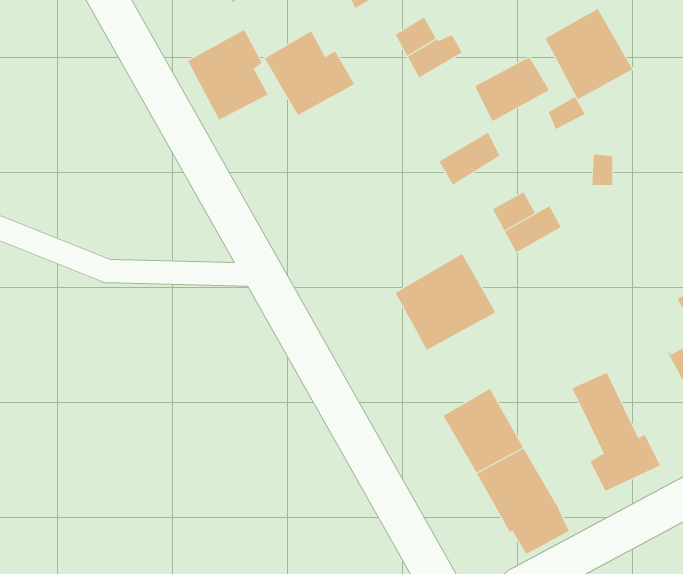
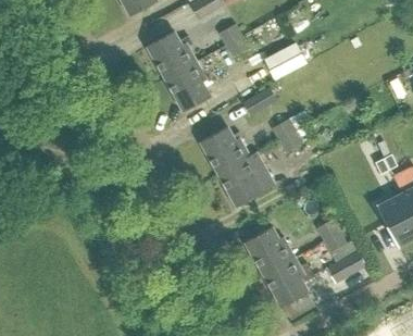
building: [545,8,633,100] -> none
building: [187,29,268,120] -> [166,60,211,110]
building: none -> [201,126,256,174]

